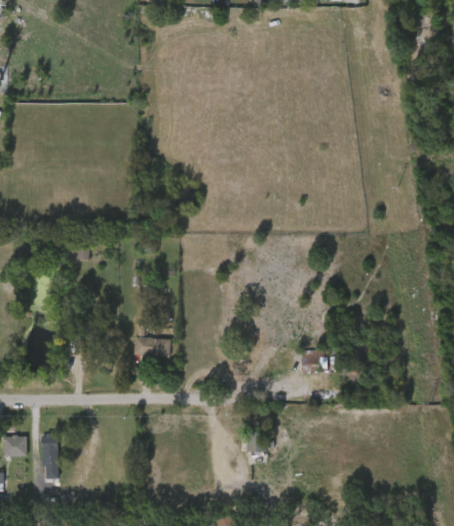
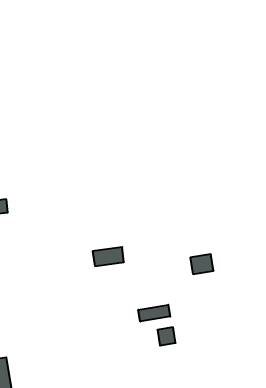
building: [135,338,172,358] -> [93,247,124,266]
building: none -> [138,305,170,322]

